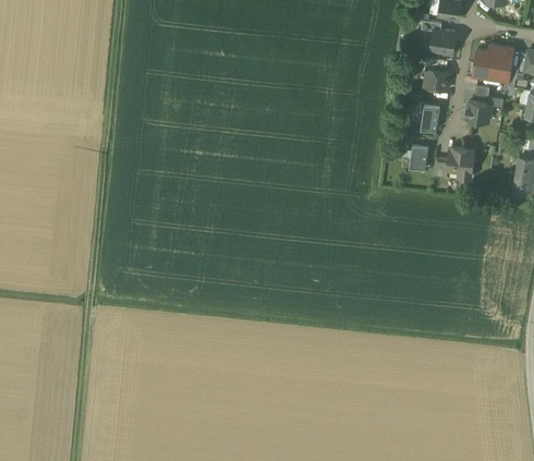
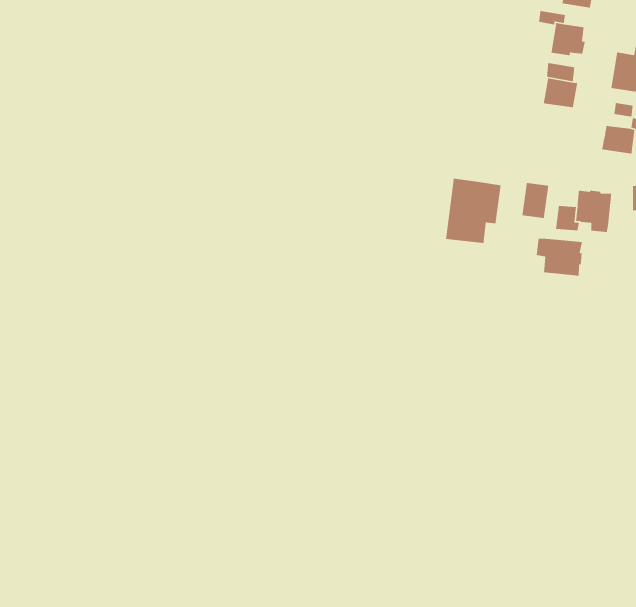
building: [421,102,441,131] -> none
building: none -> [445,178,501,244]
building: none -> [536,238,583,276]

